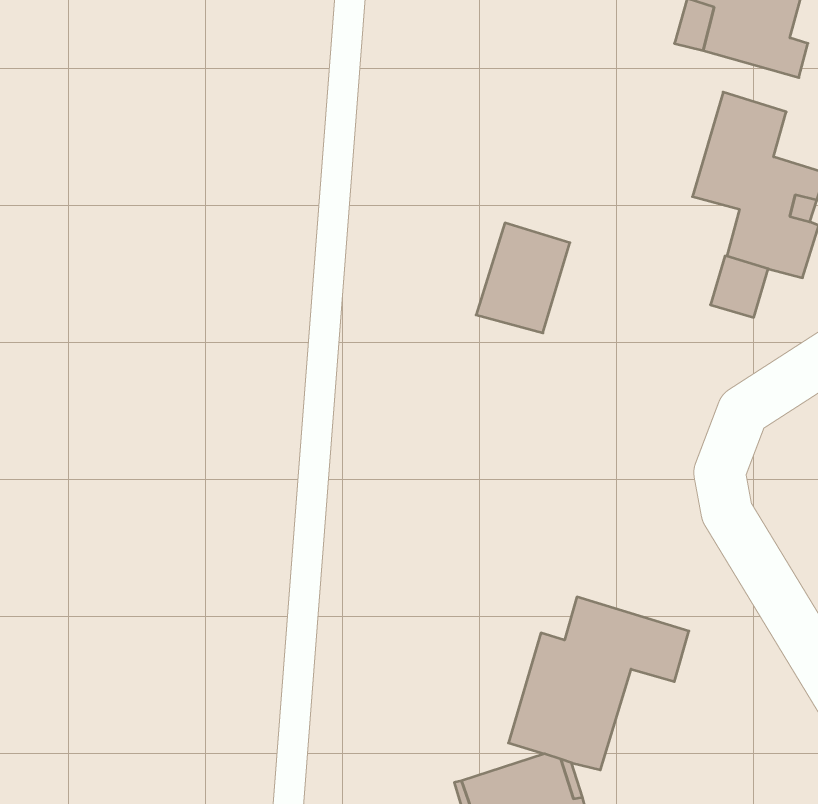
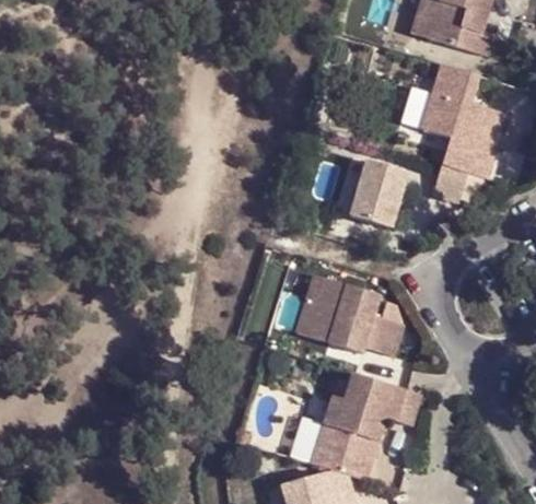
building: [476,223,570,333] -> [350,161,407,227]
building: none -> [298,273,404,354]

